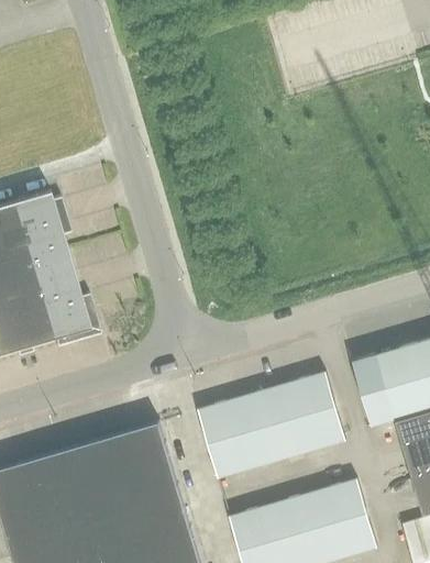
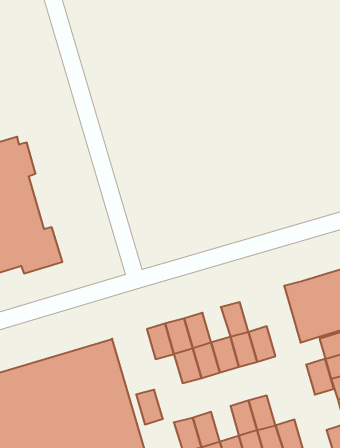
building: [304,373,334,413] -> none
building: [261,385,293,426] -> none
building: [207,439,238,478] -> [136,390,163,424]
building: [334,479,366,520] -> [306,359,334,395]
building: [271,498,302,539] -> none

